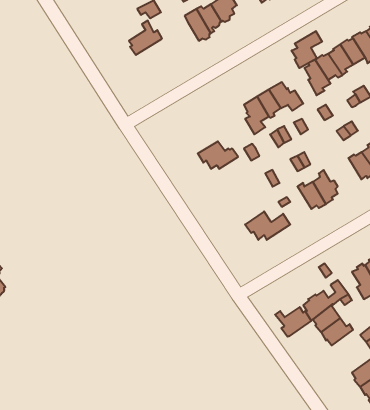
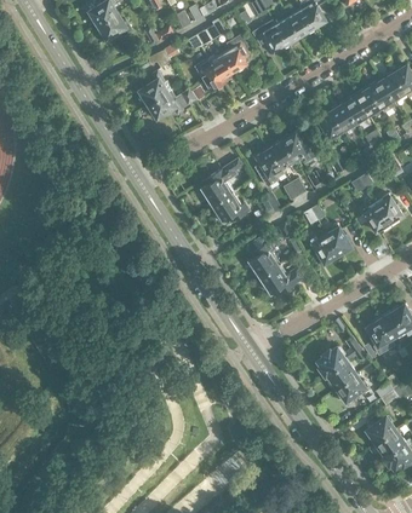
building: [292,31,322,68] -> none
building: none -> [145,90,194,119]
building: none -> [200,157,242,206]
building: none -> [247,236,276,278]
building: [275,307,311,337] -> none

